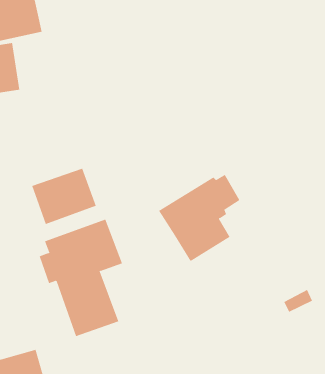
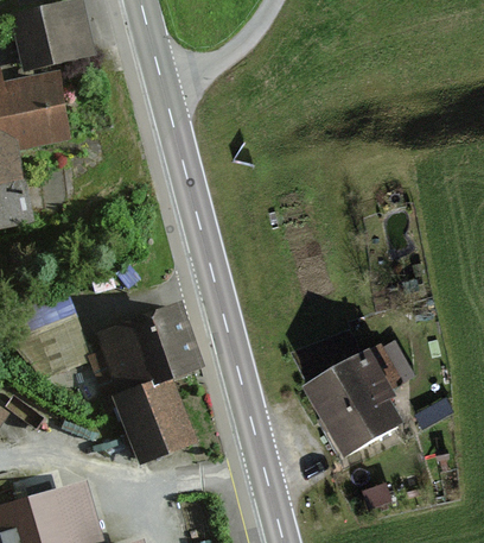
building: [31,168,96,225] -> none
building: [158,174,240,262] -> [302,342,412,459]

